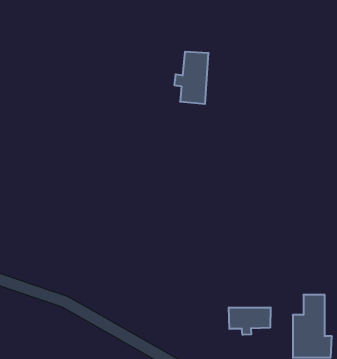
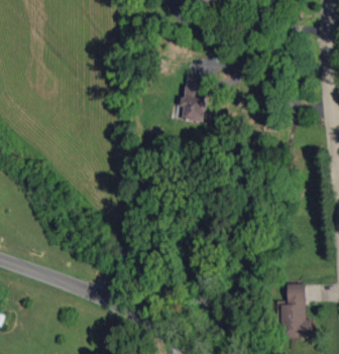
building: [229,307,271,335] -> none

